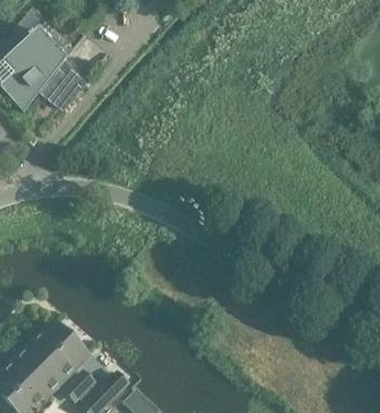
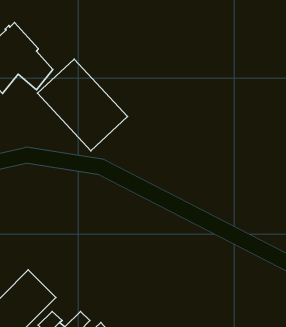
building: none -> [38,59,128,151]

